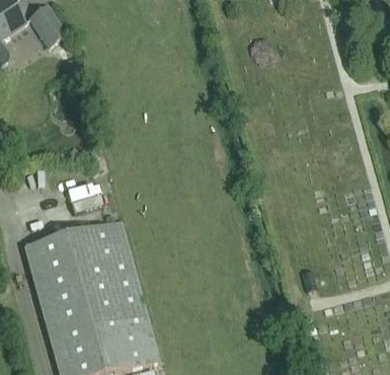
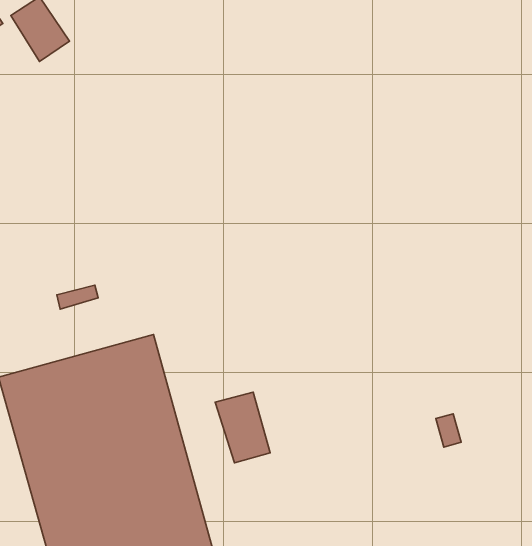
building: none -> [215,392,270,463]

